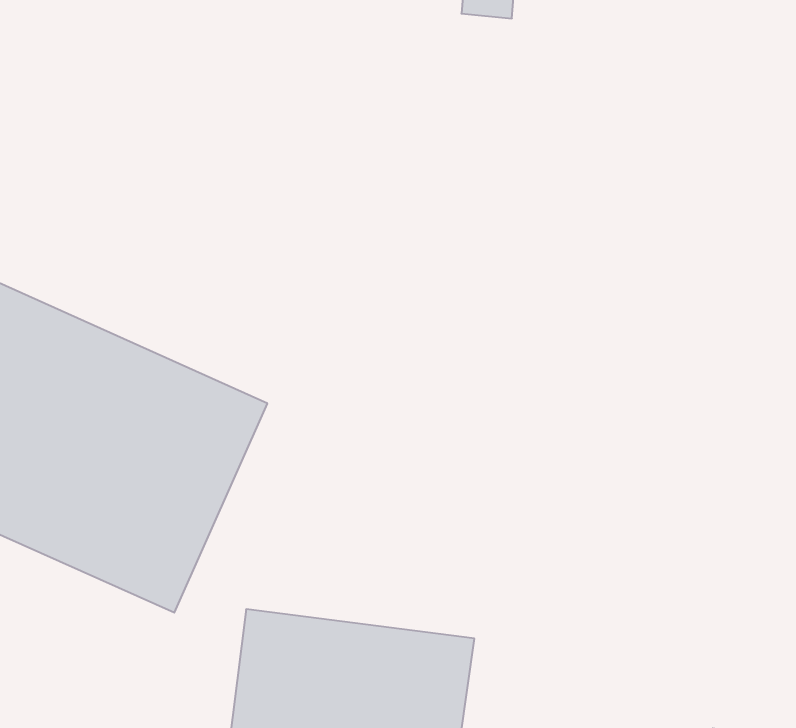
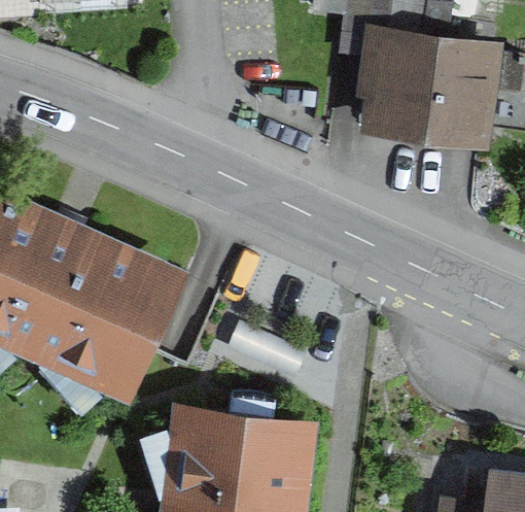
building: none -> [343,36,486,153]

